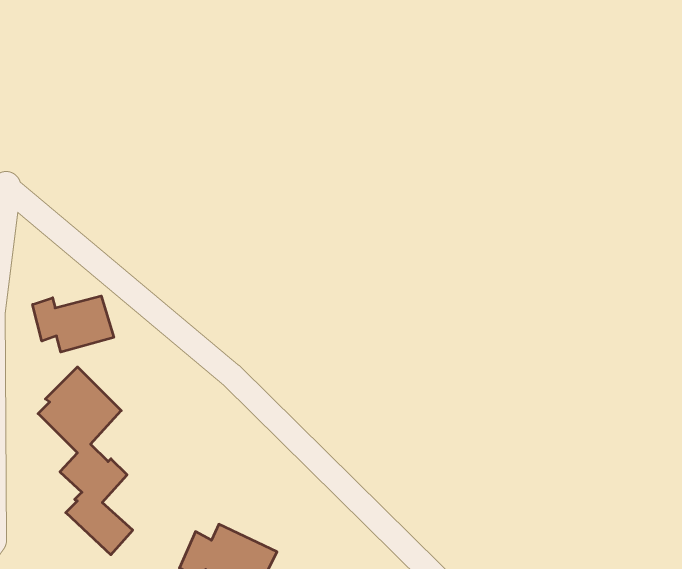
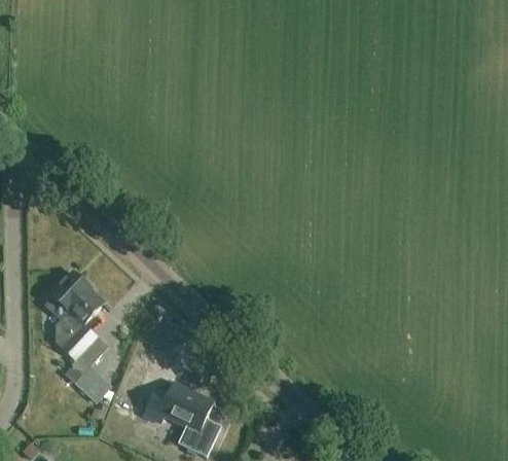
building: [33,296,114,352] -> none

